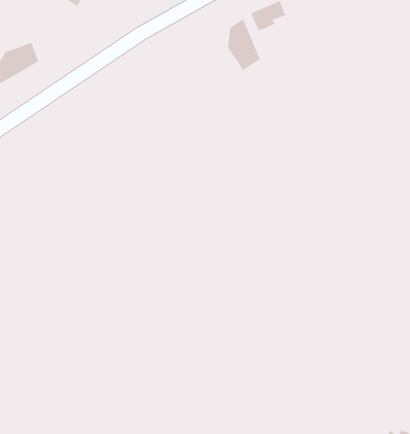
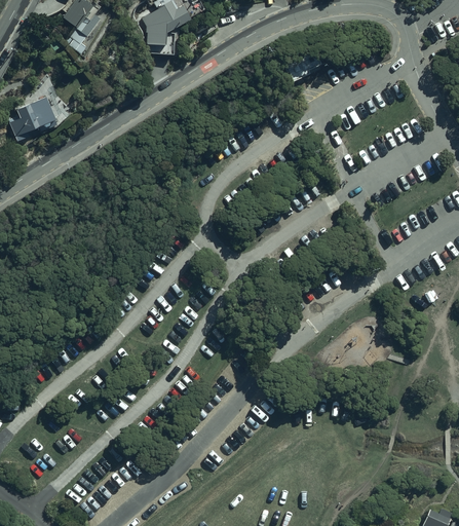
building: [228,18,260,71] -> none

